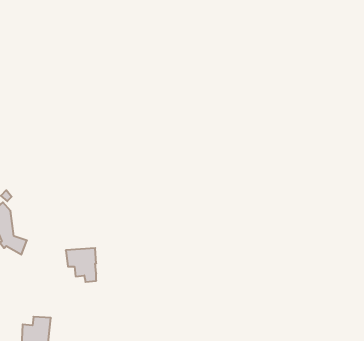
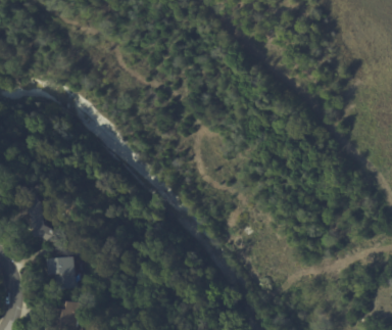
building: [66,248,96,282] -> [45,256,74,288]

